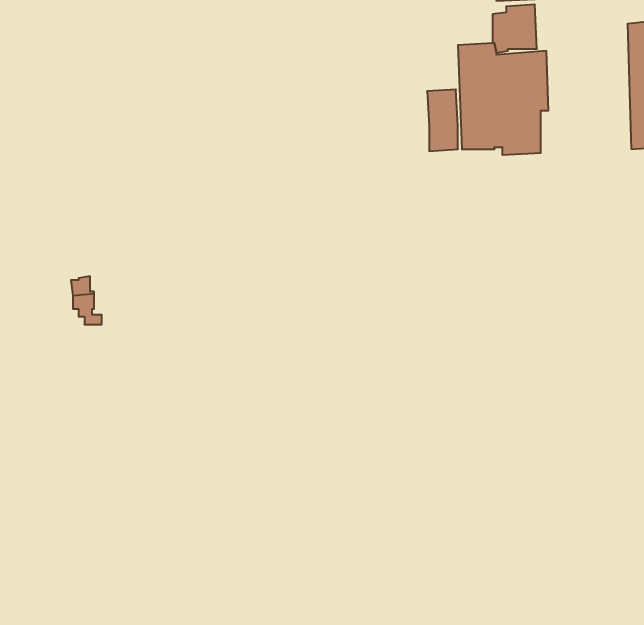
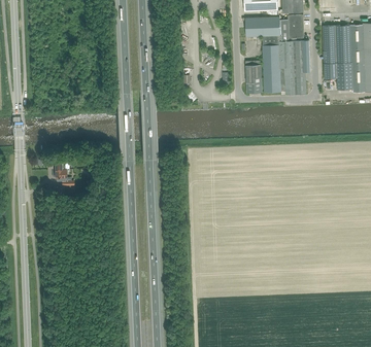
building: none -> [245,16,280,36]
building: none -> [323,25,355,92]

